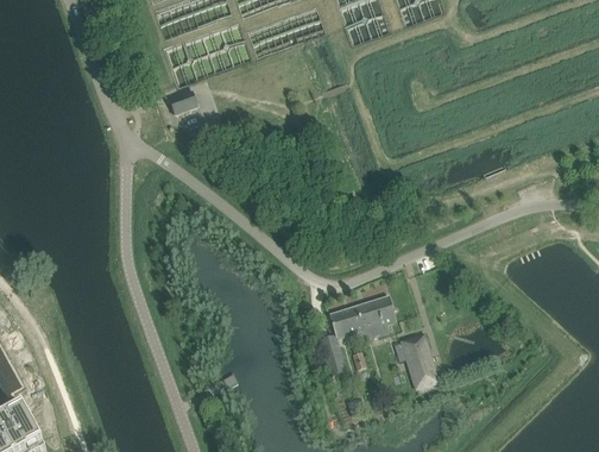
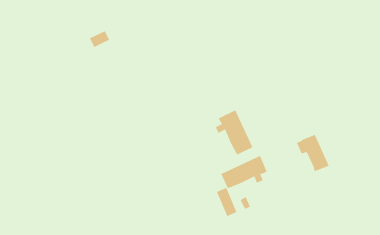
building: none -> [215,109,253,155]
building: [395,333,437,387] -> [296,134,330,172]

